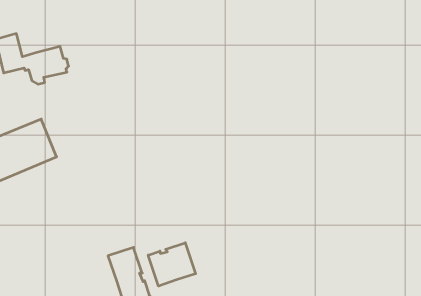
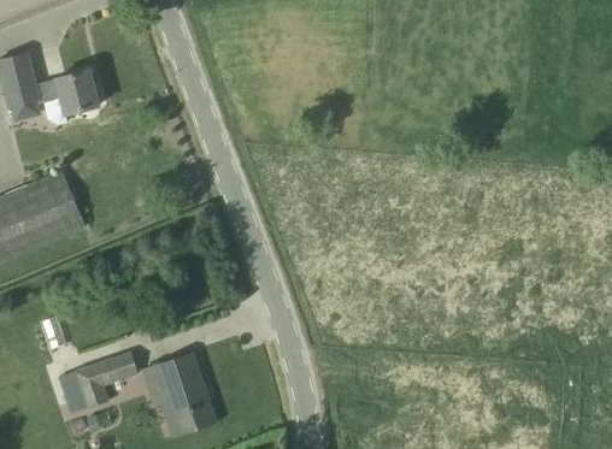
building: [148,243,196,286] -> none
building: none -> [59,351,137,413]

